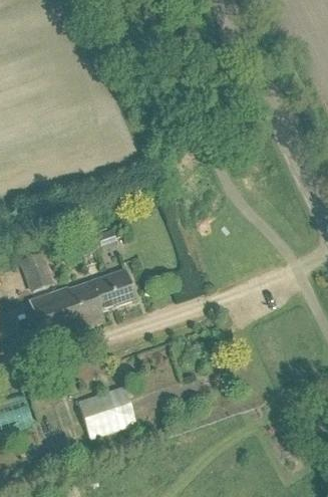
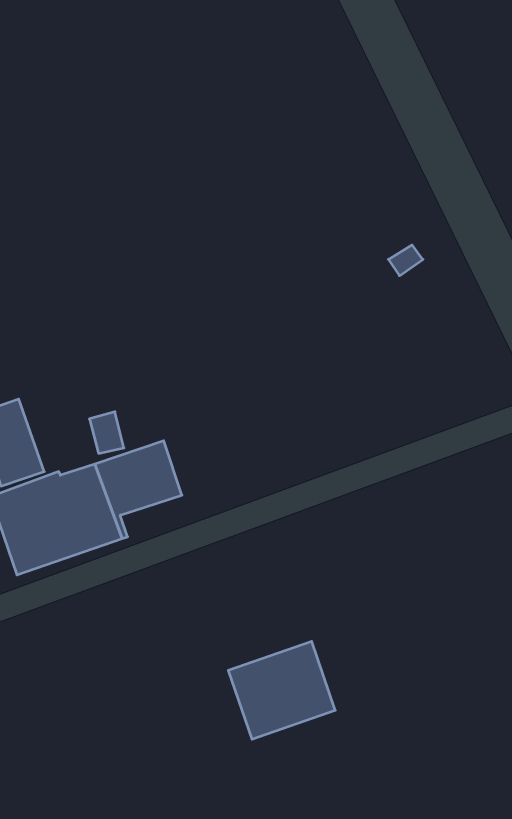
building: [74,385,133,439] -> [228,641,335,739]

